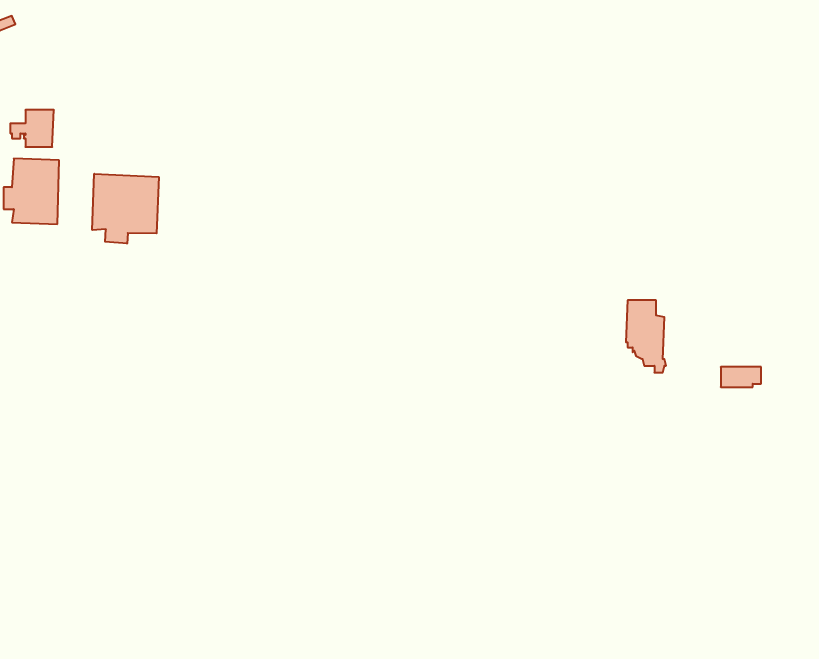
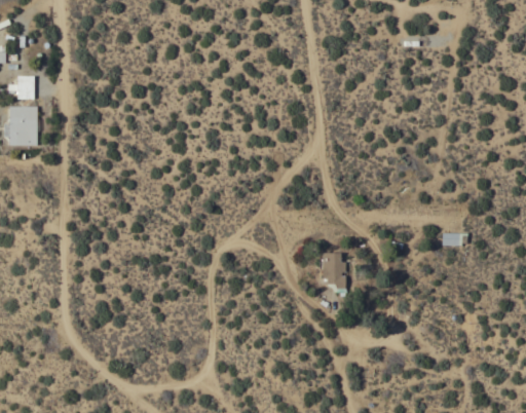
building: [92,174,159,244] -> none
building: [626,300,666,373] -> [322,254,346,298]

